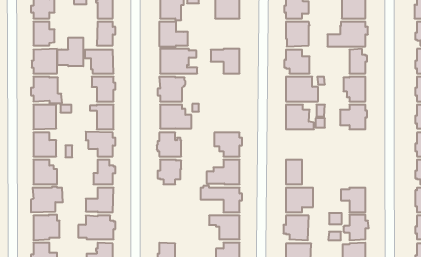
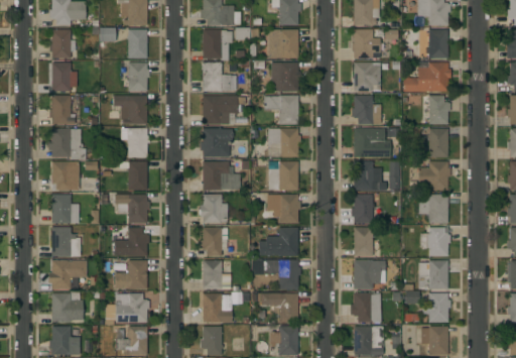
building: none -> [270,63,300,91]
building: [58,38,83,66] -> none
building: none -> [263,128,300,157]
building: none -> [268,161,297,191]
building: none -> [351,195,372,223]
building: none -> [418,195,447,223]
building: none -> [419,227,449,256]
building: none -> [202,260,231,289]
building: none -> [202,293,232,322]

